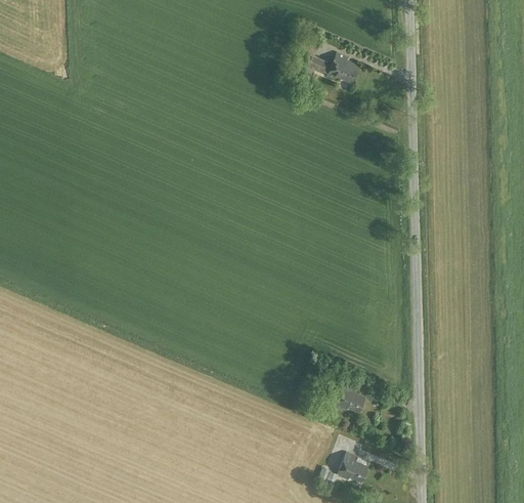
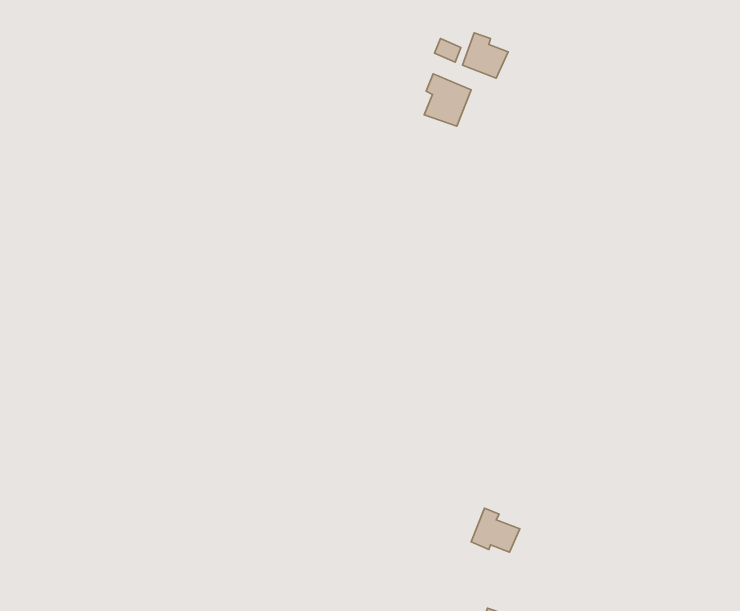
building: none -> [424,74,471,126]

